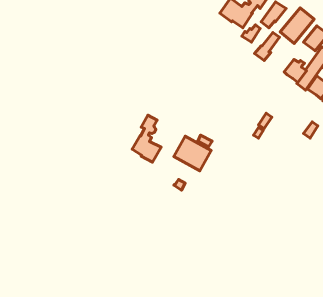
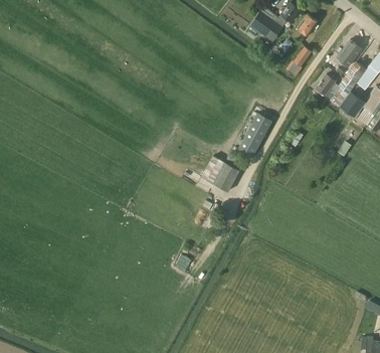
building: [280,8,314,43] -> none
building: none -> [238,113,271,156]
building: [132,115,161,162] -> none

